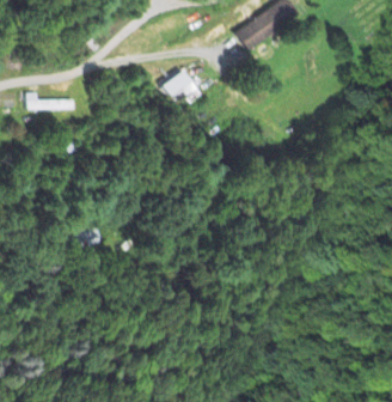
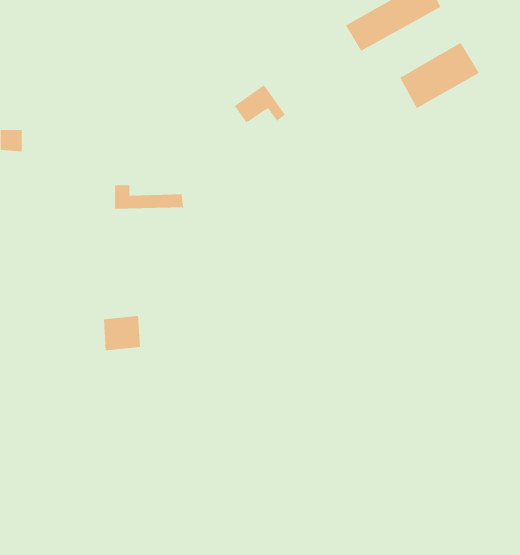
building: none -> [399,42,480,109]
building: [27,95,74,111] -> [114,185,184,210]

